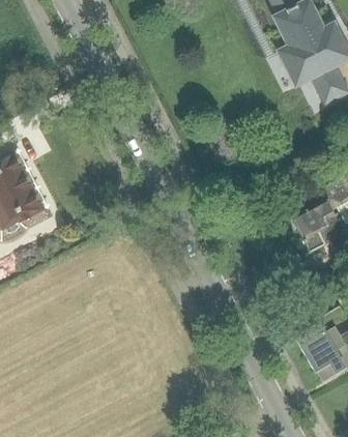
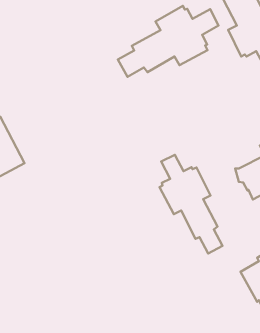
building: none -> [118,6,218,77]
building: none -> [160,155,223,254]

